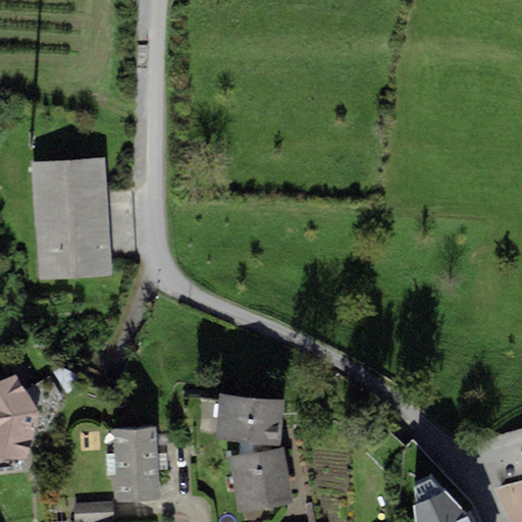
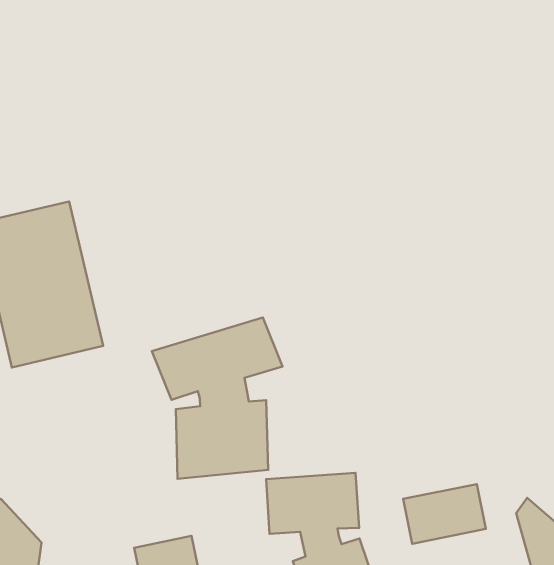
building: none -> [152,318,283,479]
building: none -> [403,484,486,544]

